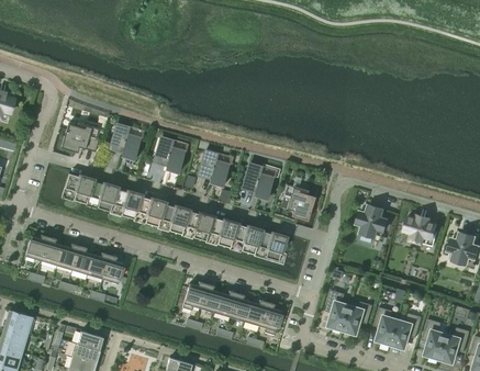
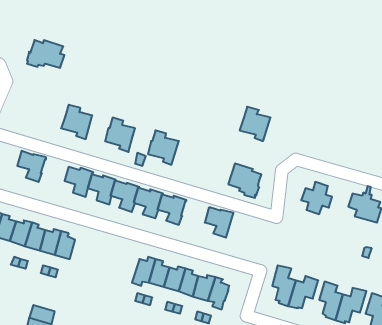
building: [62,123,100,151] -> [27,40,64,68]
building: [243,165,275,200] -> [240,107,271,141]
building: [89,181,119,212] -> none
building: [233,224,263,255] -> none

